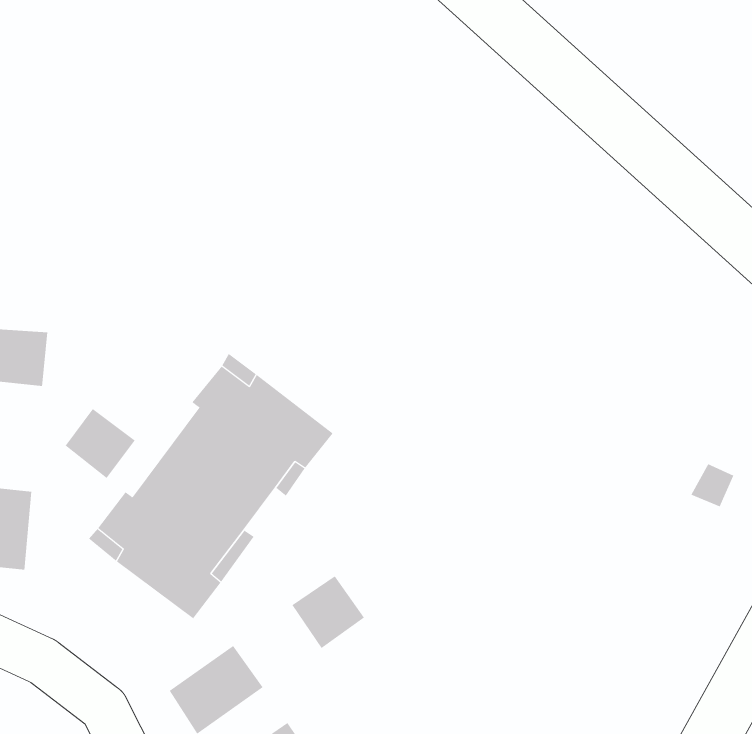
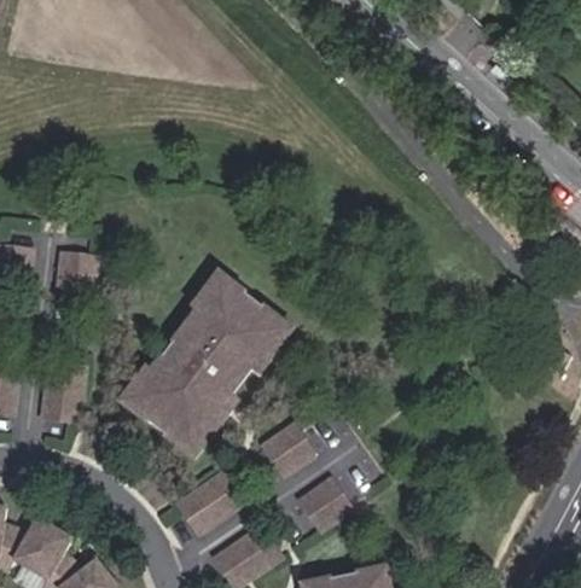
building: [65,408,136,479] -> none
building: none -> [296,477,348,528]

